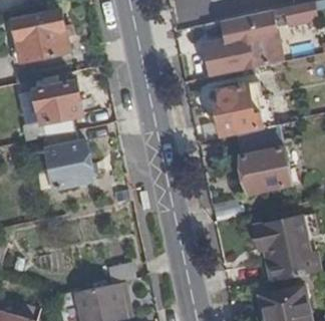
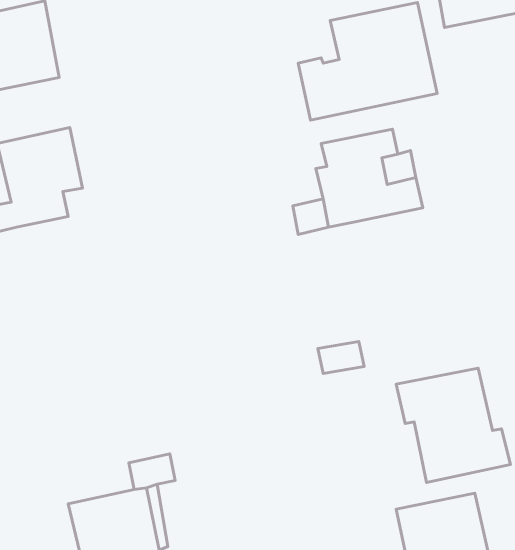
building: [234,124,290,193] -> none
building: [43,130,90,188] -> none

